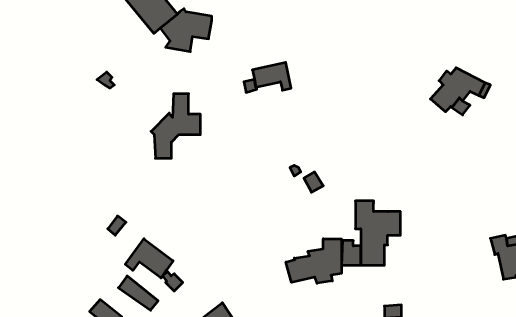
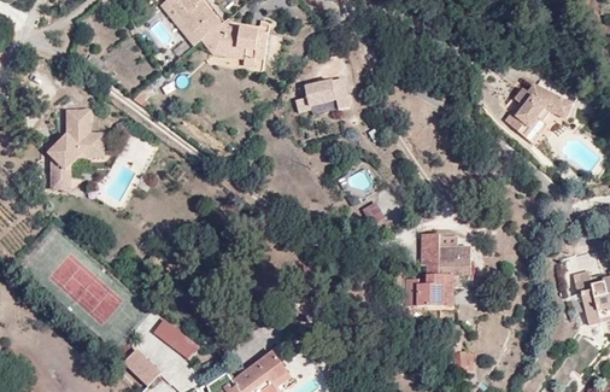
building: none -> [235,31,268,70]
building: [151,94,200,158] -> [47,111,102,183]
building: [286,239,341,283] -> none
building: [125,239,173,278] -> none

